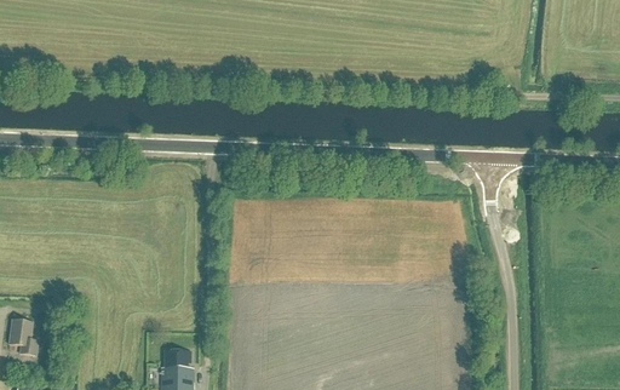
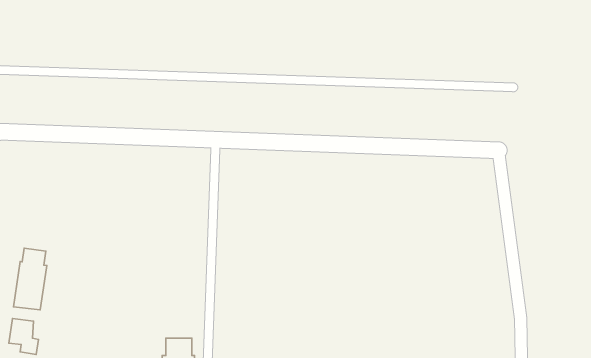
building: none -> [13,248,47,310]

